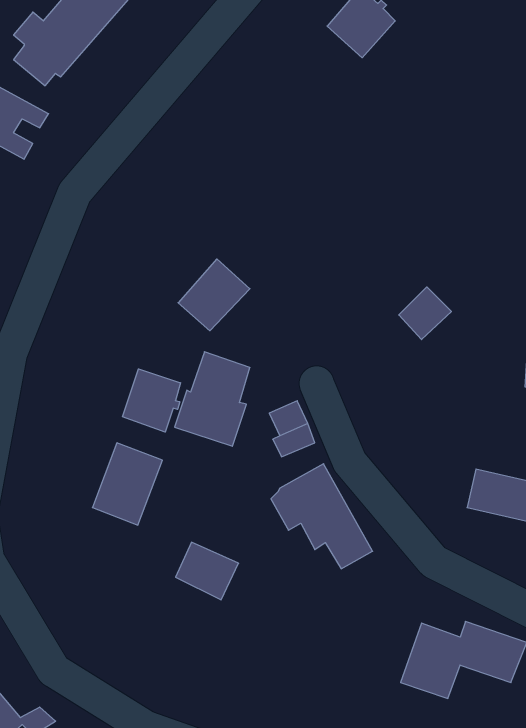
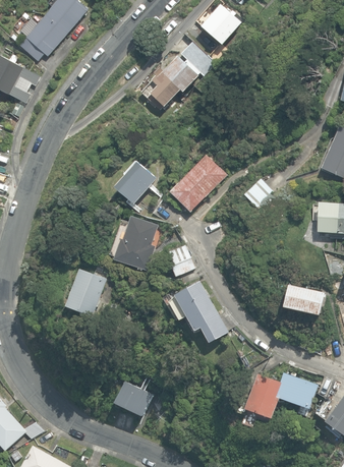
building: none -> [150,42,215,107]
building: none -> [169,155,226,213]
building: [122,369,181,432] -> none
building: [176,542,239,600] -> [115,382,152,415]

